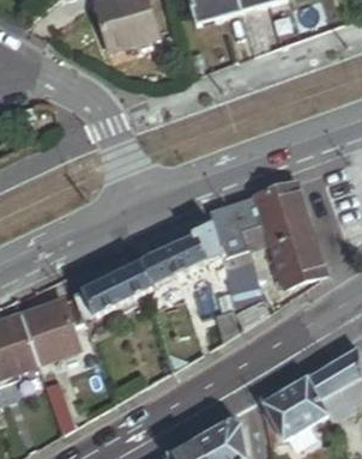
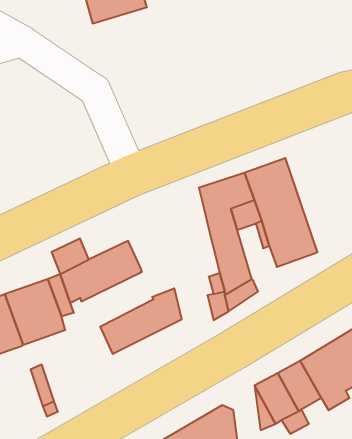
building: [140,223,219,286] -> [100,288,182,354]

